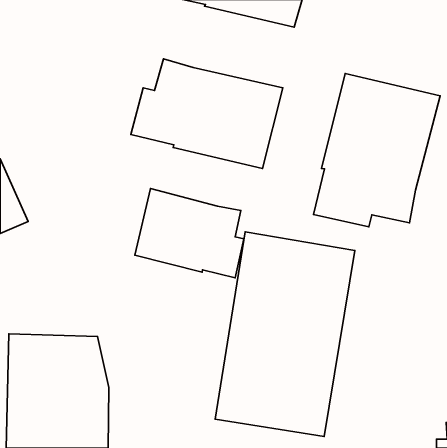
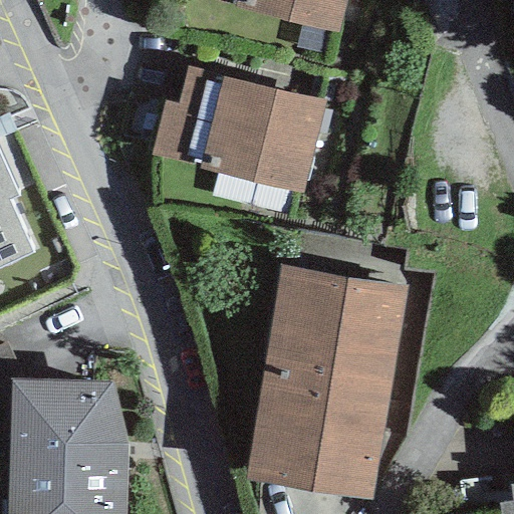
building: [314,73,440,227] -> none
building: [135,188,244,278] -> none

